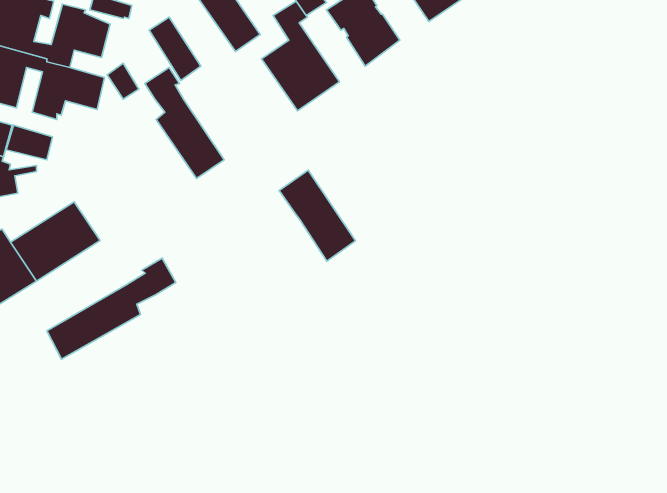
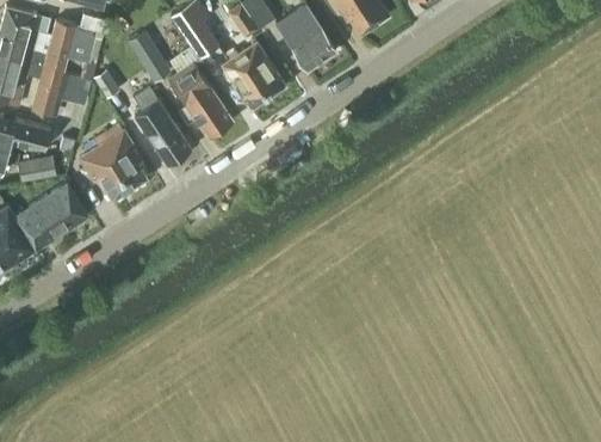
building: none -> [79,130,145,199]
building: none -> [17,155,55,182]
building: [279,170,356,261] -> [168,61,231,136]
building: [47,258,176,359] -> none

